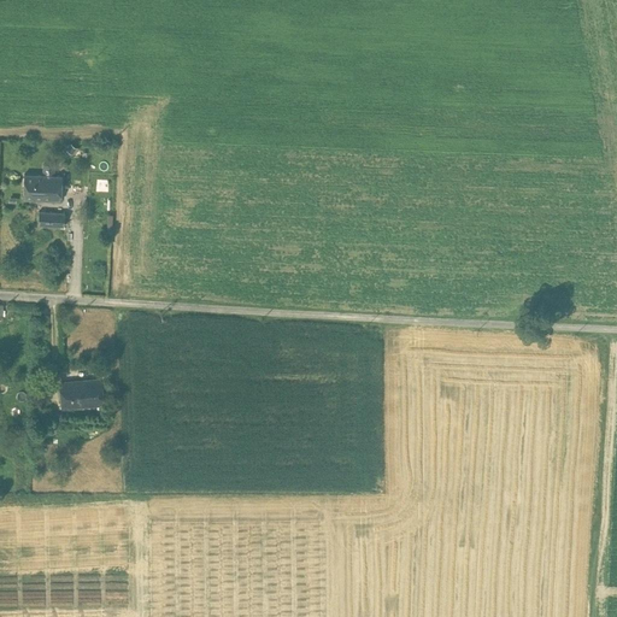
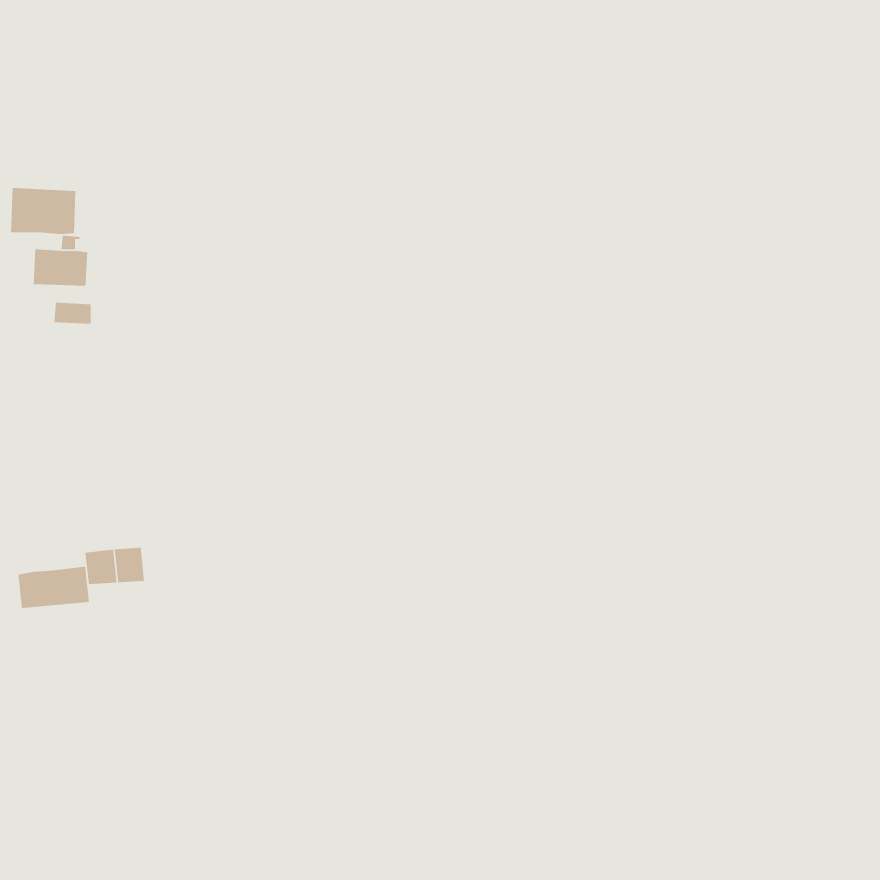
building: none -> [10,187,76,235]
building: none -> [17,566,90,609]

